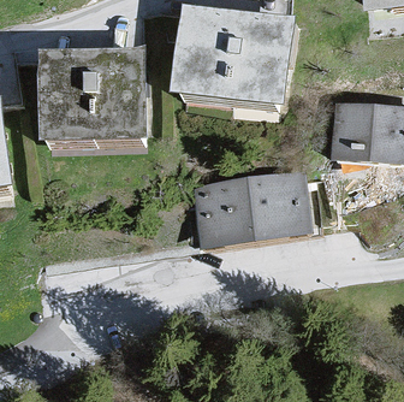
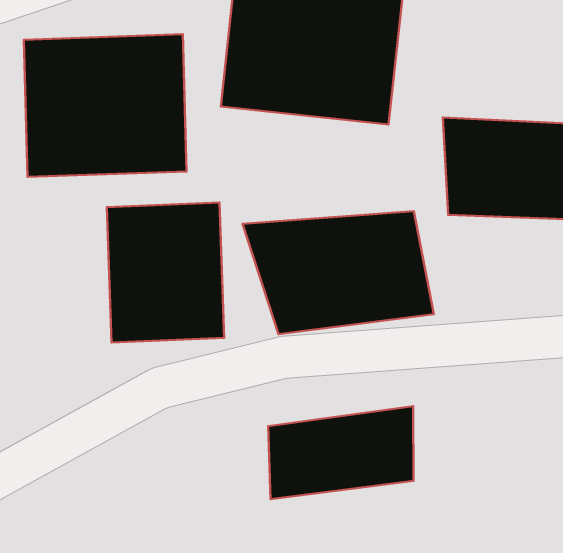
building: none -> [107,203,224,342]
building: none -> [268,406,413,499]

